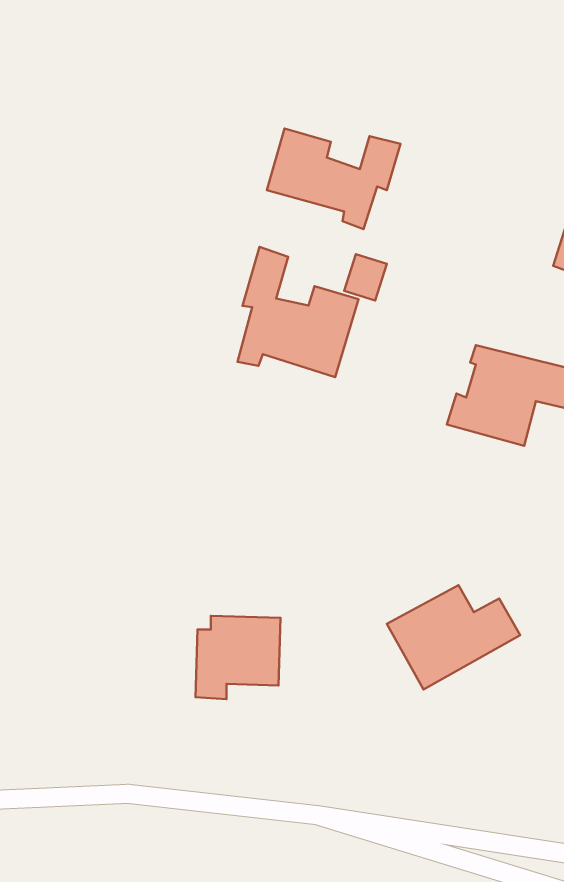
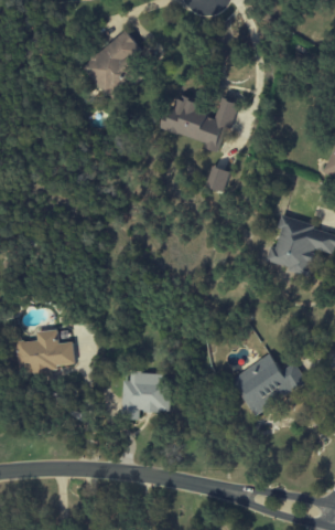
building: none -> [79,31,141,100]
building: [237,247,359,377] -> none
building: none -> [17,329,75,371]

